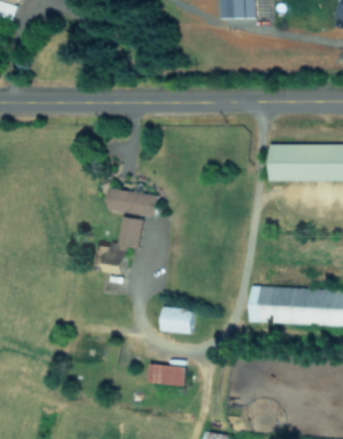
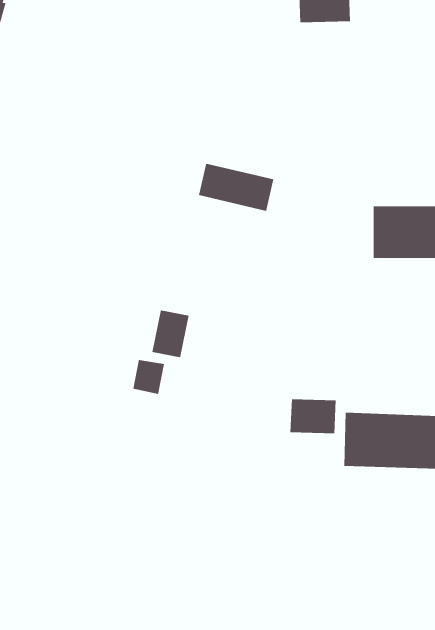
building: [105,186,157,219] -> [198,163,274,211]
building: [160,308,193,333] -> [290,399,336,434]
building: [147,365,186,386] -> none

